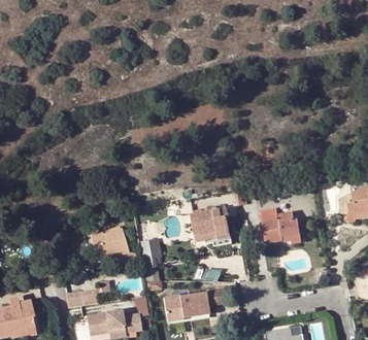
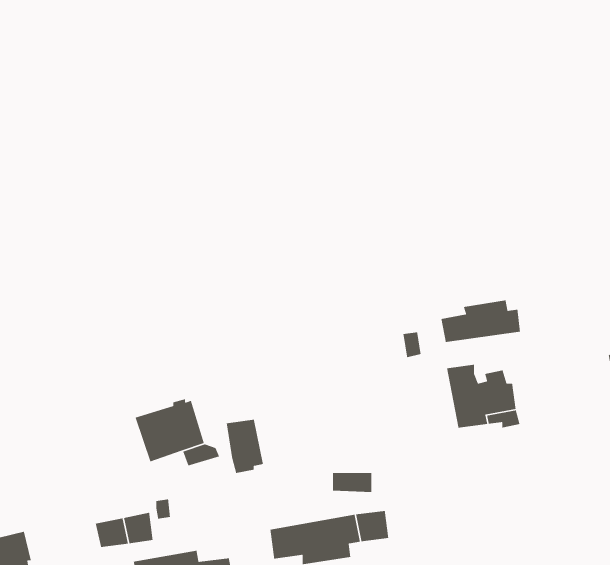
building: none -> [440,300,521,343]
building: [189,205,231,245] -> none

